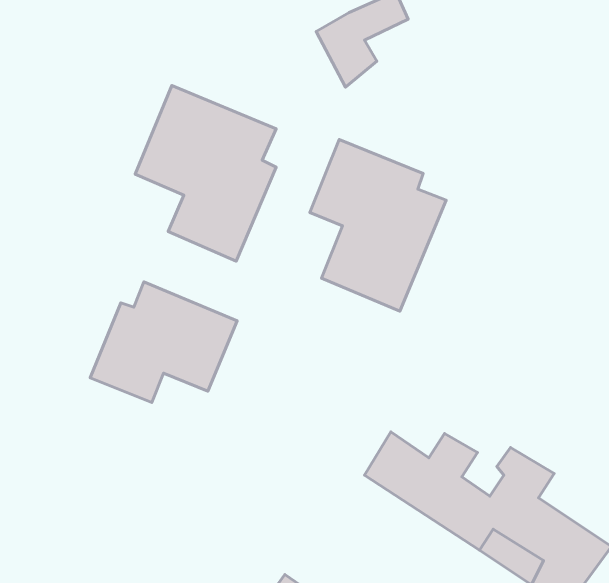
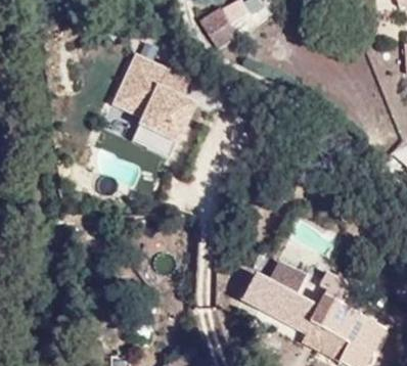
building: [310,139,446,311] -> none
building: [90,282,237,403] -> none

